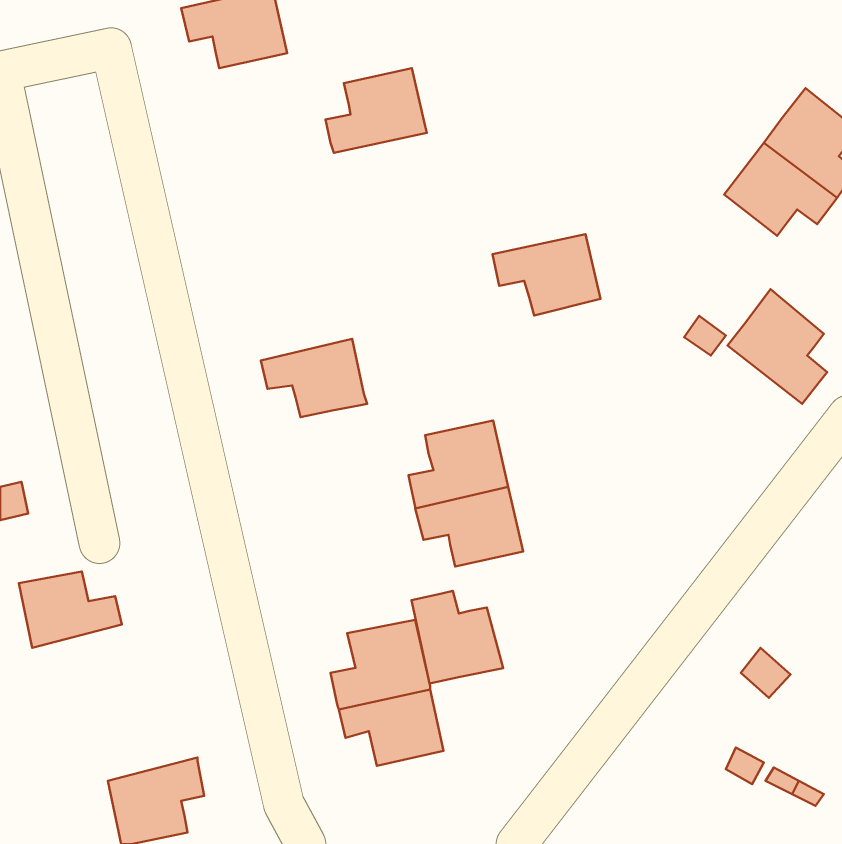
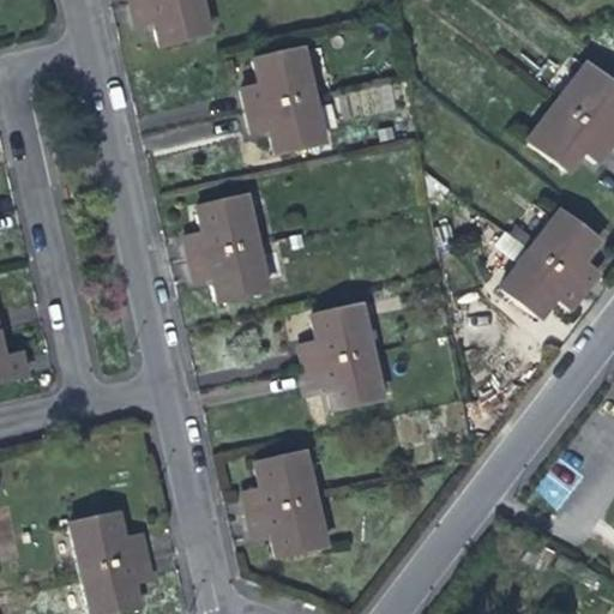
building: [493,234,601,316] -> [246,96,324,155]
building: none -> [187,197,259,260]
building: none -> [501,249,584,317]
building: [19,571,122,648] -> [73,508,148,564]
building: [411,591,503,684] -> none

